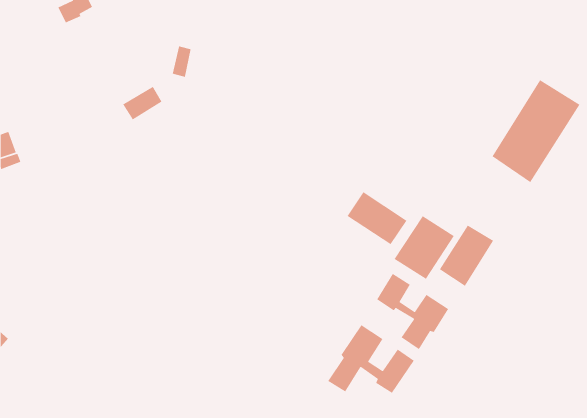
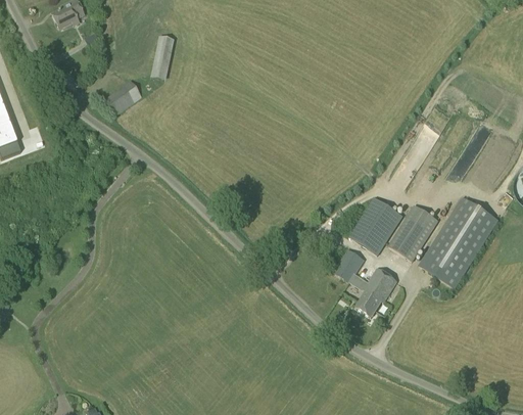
building: [491,79,580,183] -> [419,196,497,288]
building: [346,191,407,245] -> none
building: [327,324,415,394] -> none

